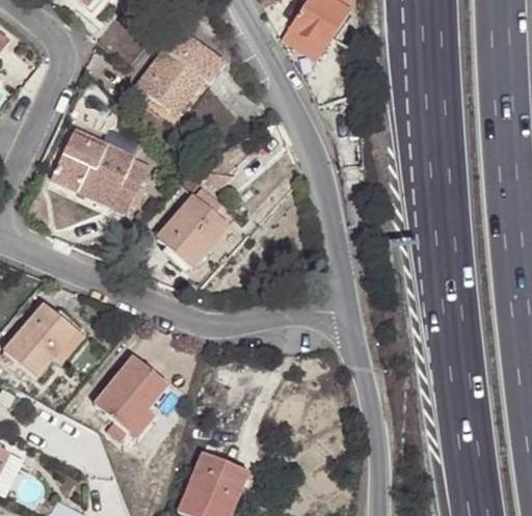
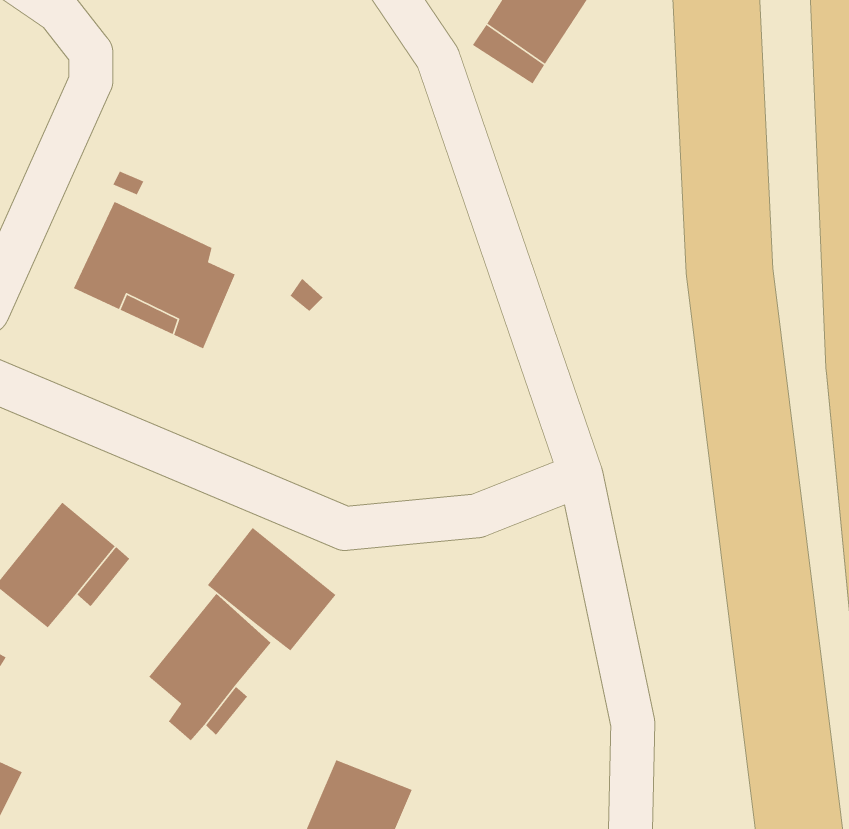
building: [134,26,224,117] -> none
building: [157,186,227,267] -> none
building: none -> [207,527,337,651]

